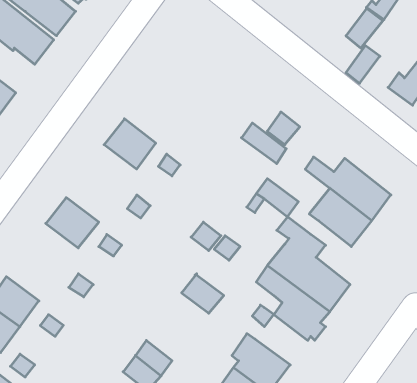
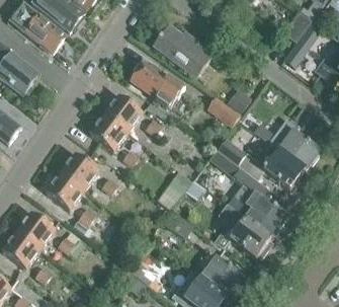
building: none -> [152,23,214,77]
building: none -> [131,60,183,106]
building: none -> [90,111,129,149]
building: none -> [47,170,85,208]

